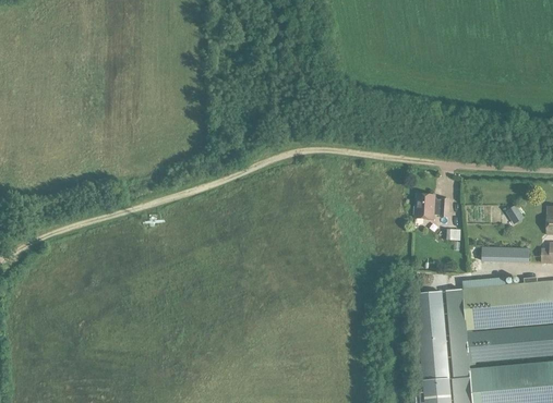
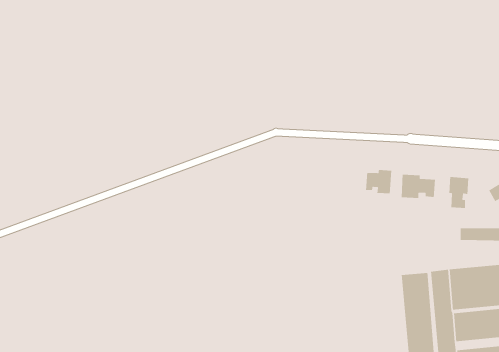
building: none -> [365,169,392,194]
building: none -> [449,176,469,209]

